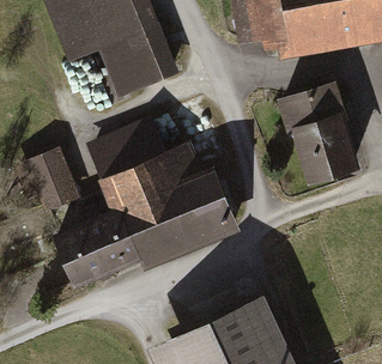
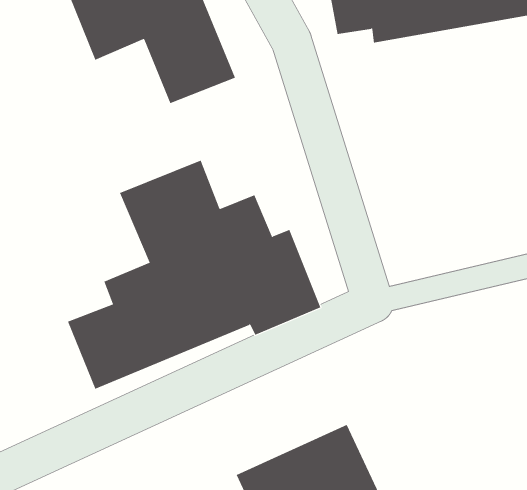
building: [283,87,357,178] -> none
building: [30,154,75,208] -> none

